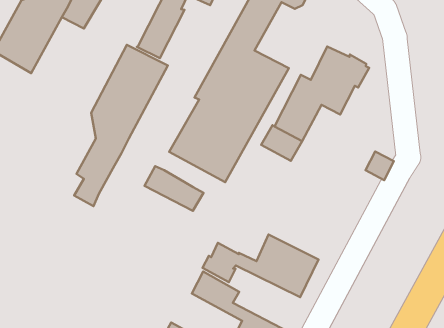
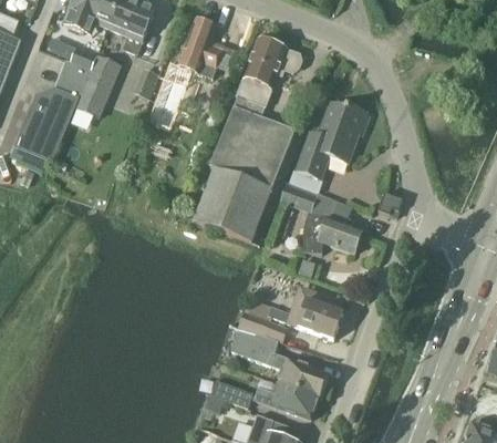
building: [74,45,168,206] -> none
building: none -> [306,214,364,253]
building: [145,166,204,211] -> none

